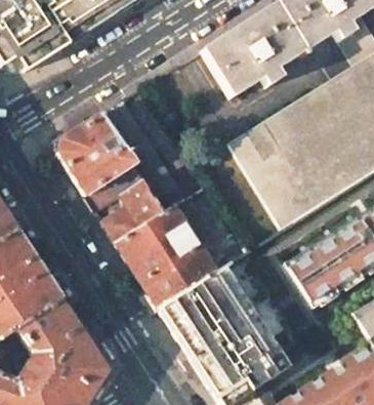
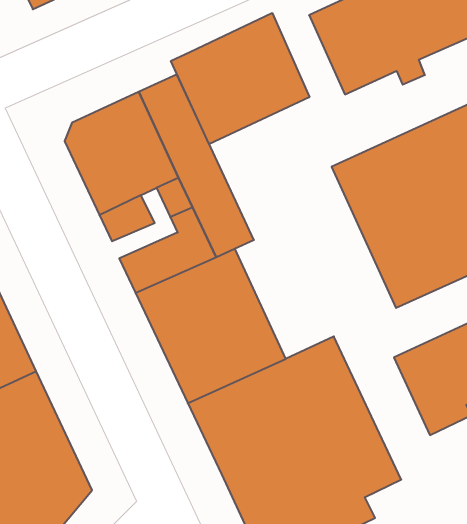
building: none -> [171,13,309,144]

